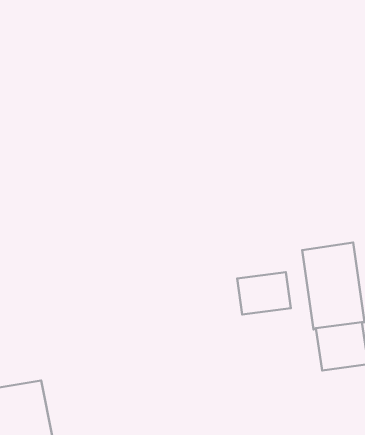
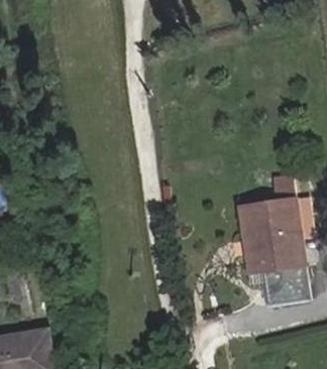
building: [237,272,291,315] -> none

